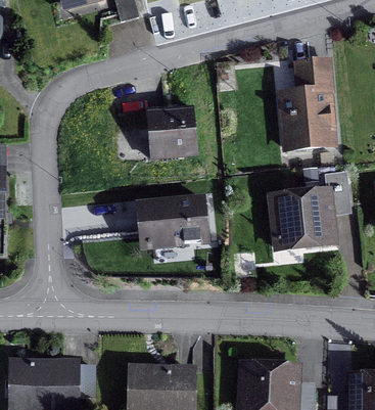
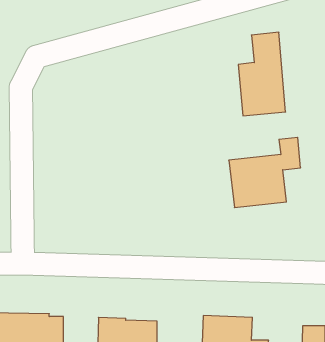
building: [146,108,195,158] -> none
building: [141,199,207,246] -> none

